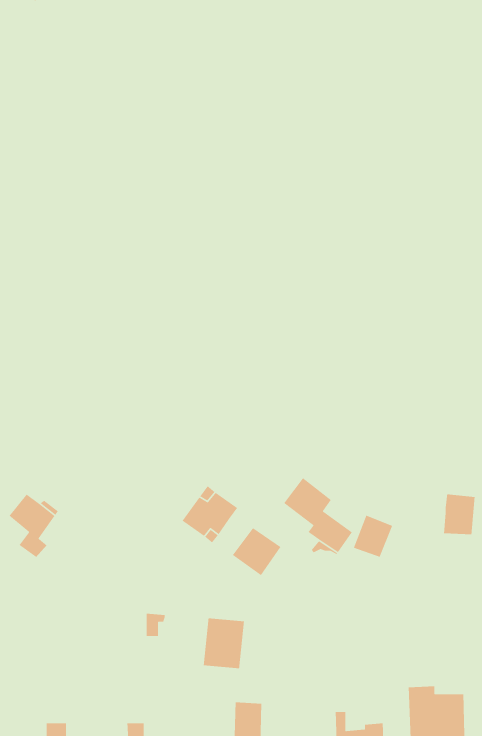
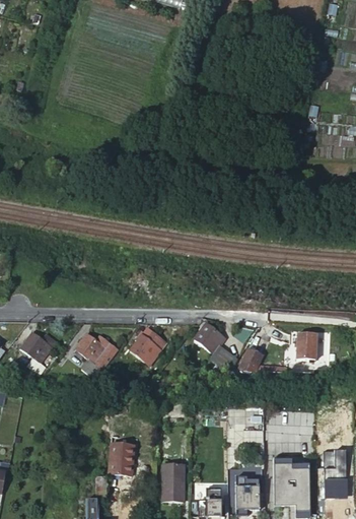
building: none -> [76,333,116,376]
building: [232,527,281,576] -> none
building: [203,618,245,669] -> [110,443,136,475]

